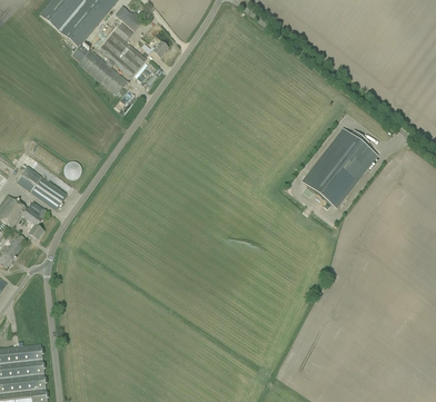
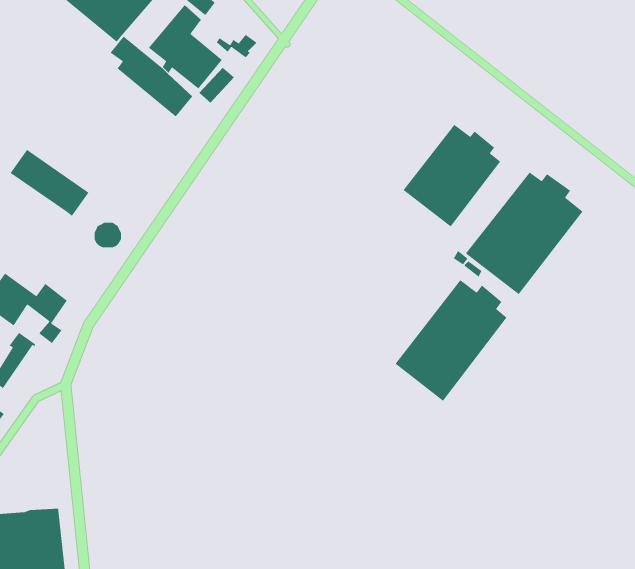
building: none -> [403,124,501,227]
building: [16,167,67,210] -> [9,149,89,217]
building: none -> [395,279,507,402]

